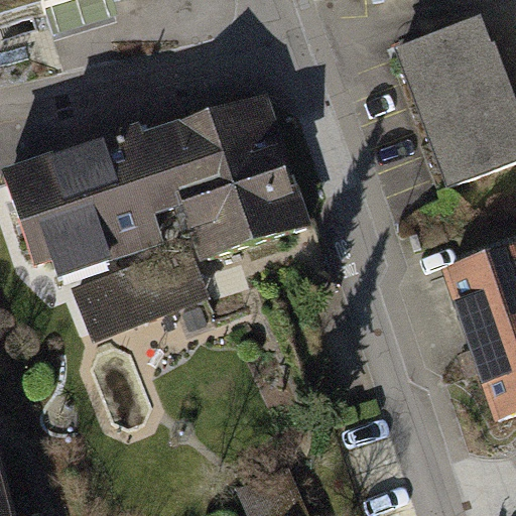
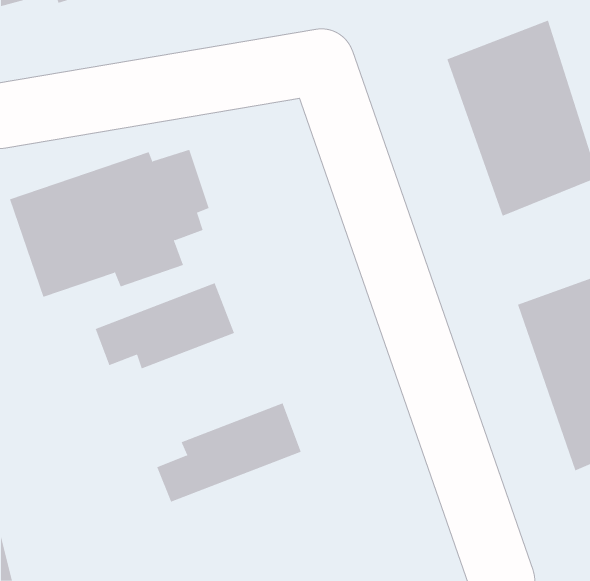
building: [166,95,308,254] -> none
building: none -> [157,403,302,503]

